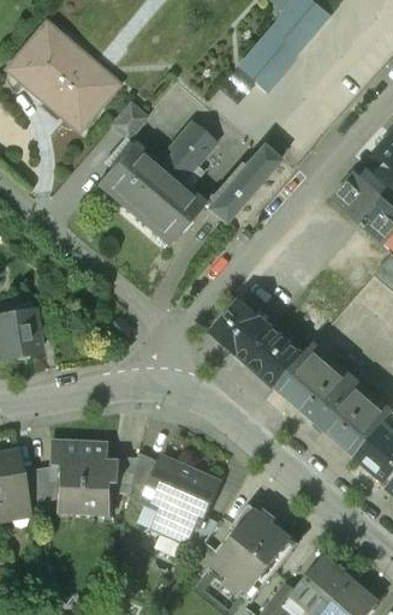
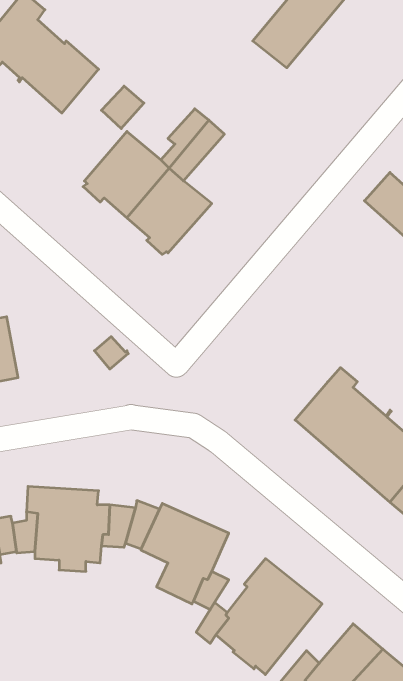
building: [209,147,279,222] -> none
building: [213,299,304,388] -> none

